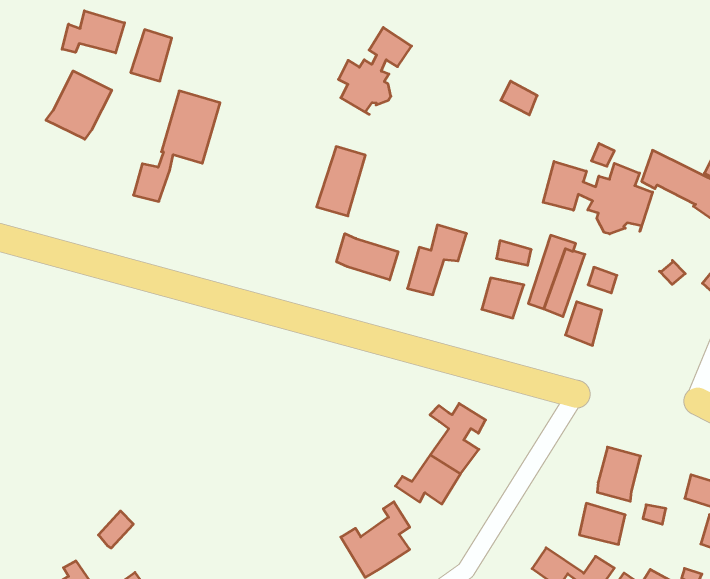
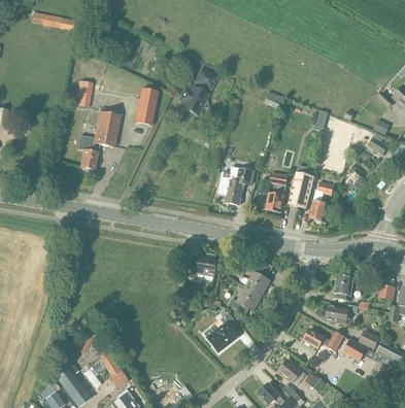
building: [62,11,125,53] -> none
building: [46,71,112,139] -> none
building: [317,147,365,216] -> [134,90,157,125]
building: [543,161,653,234] -> none
building: [337,234,398,280] -> none
building: none -> [190,254,216,278]

